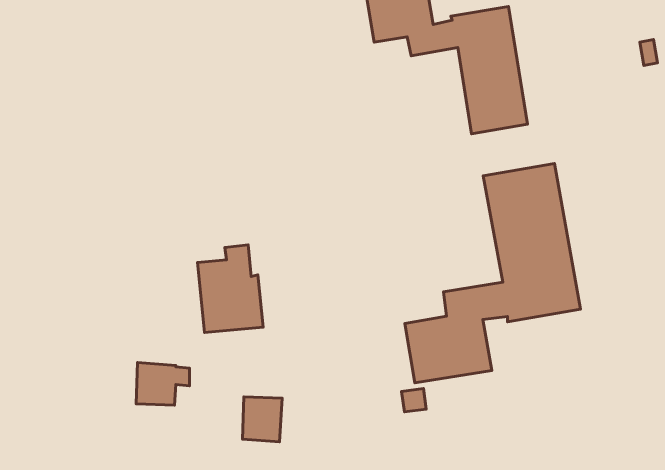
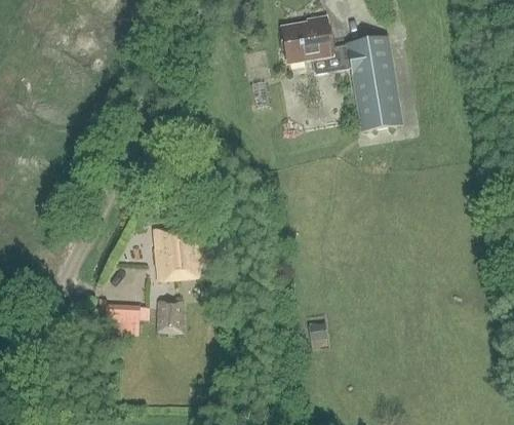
building: [405,164,580,383] -> none
building: [243,397,282,442] -> [155,300,185,334]

